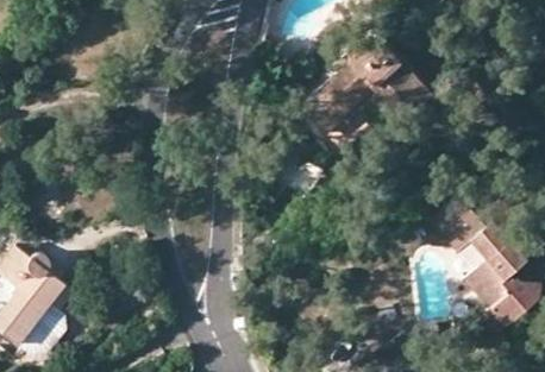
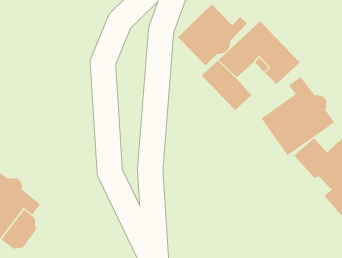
building: none -> [177,4,248,66]
building: none -> [261,76,335,156]

